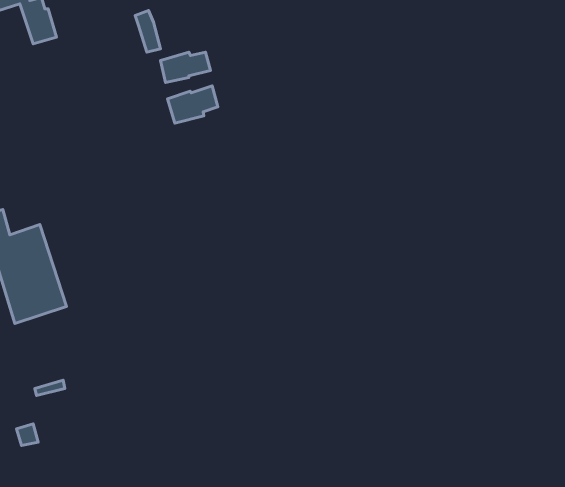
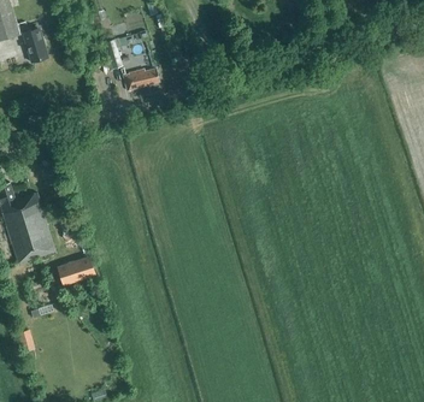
building: [167,86,218,123] -> none
building: none -> [58,256,95,285]

